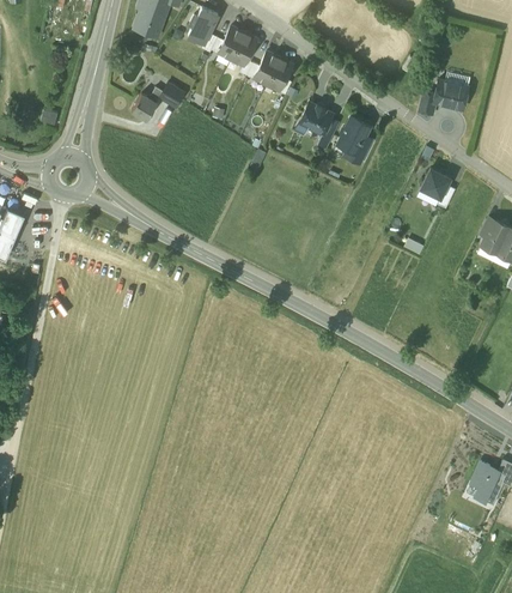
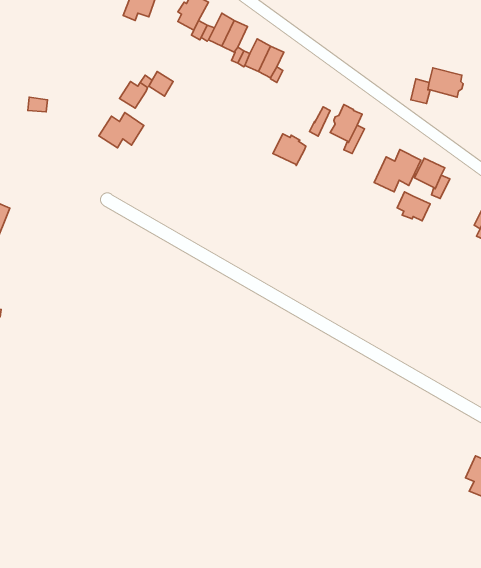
building: [299,103,331,134] -> [273,134,306,166]
building: none -> [99,112,144,148]
building: none -> [374,149,421,192]
building: none -> [397,192,430,221]

